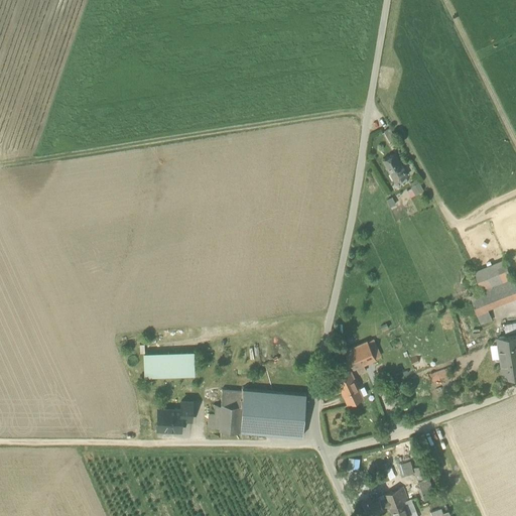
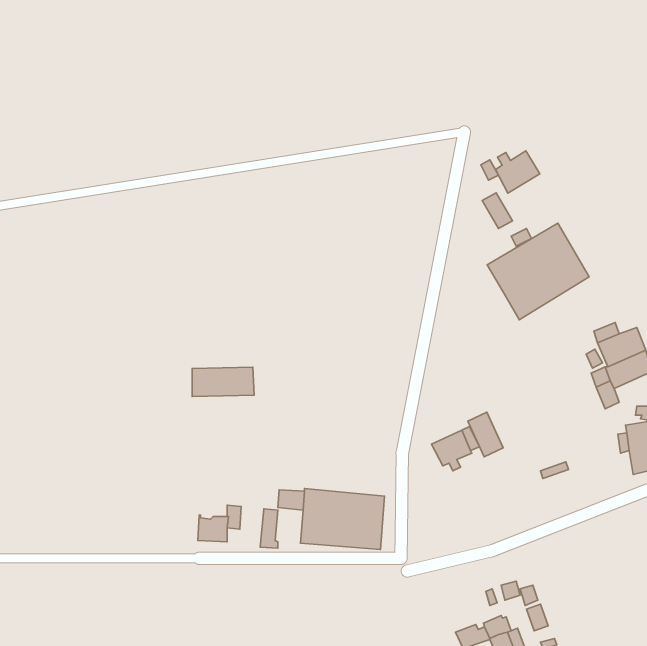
building: none -> [496,151,540,193]
building: none -> [487,223,589,320]
building: [145,354,195,377] -> [192,367,254,396]
building: [336,372,364,407] -> [468,412,503,457]
building: [220,405,242,433] -> none

